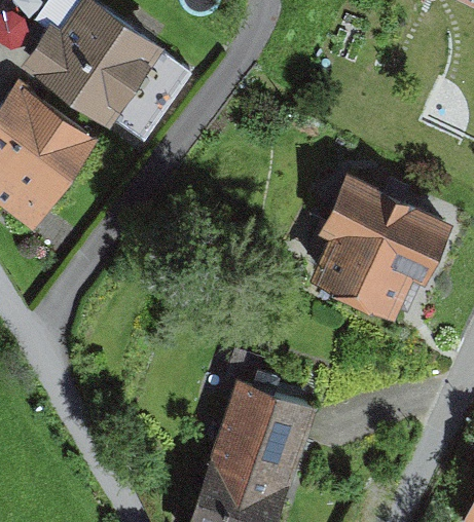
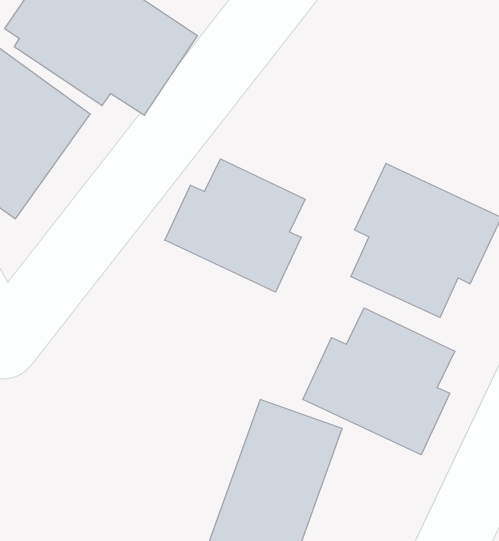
building: none -> [165,159,305,292]
building: none -> [303,308,455,455]

